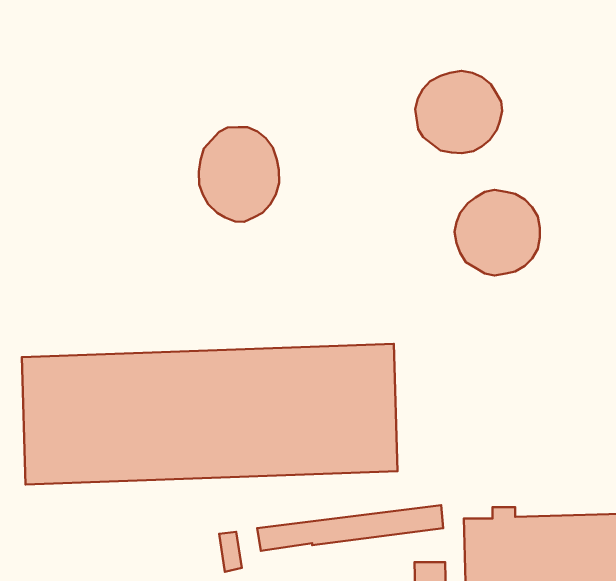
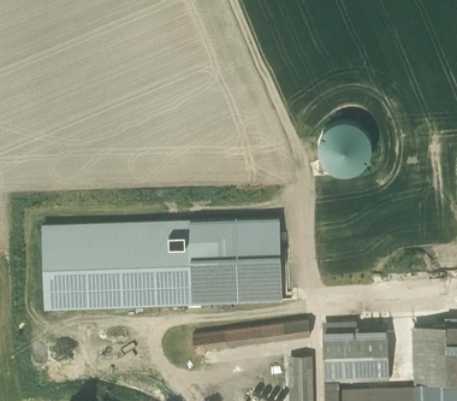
building: [415,71,502,153] -> none
building: [199,127,279,222] -> none

